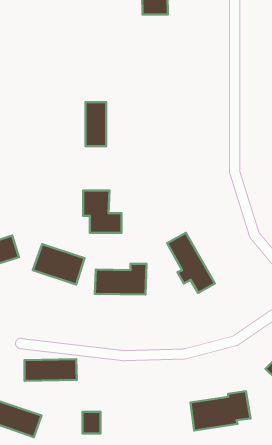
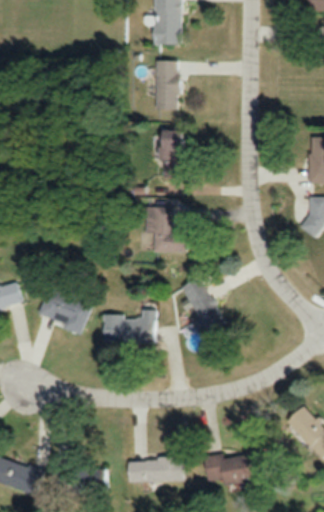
building: none -> [154,61,178,110]
building: [86,102,106,146] -> [159,130,181,177]
building: [83,191,122,233] -> [145,207,186,252]
building: [24,359,77,381] -> [127,458,183,481]

